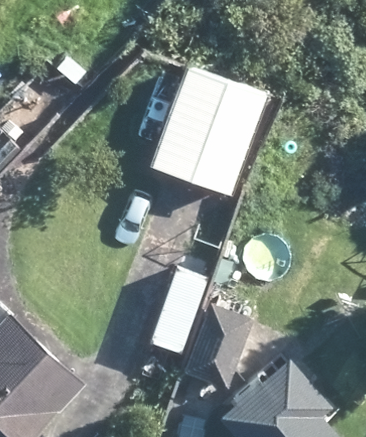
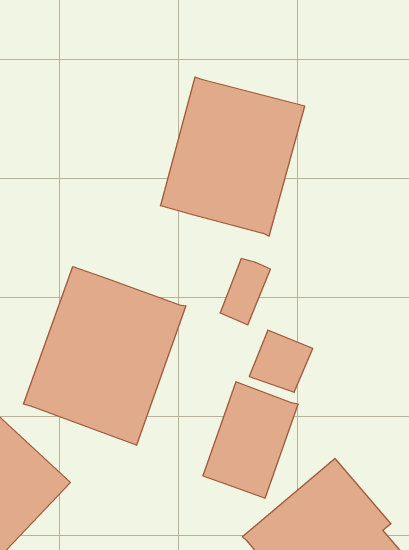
building: none -> [23,267,186,445]

